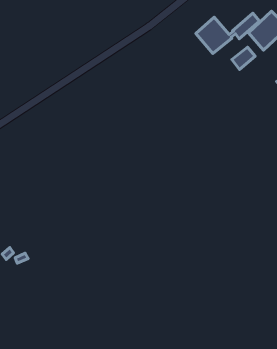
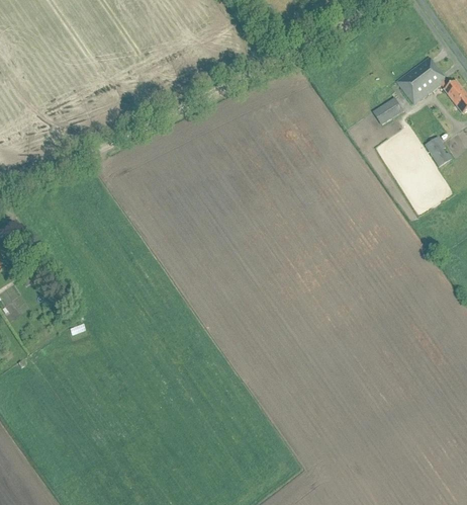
building: [196,13,260,53] -> none

